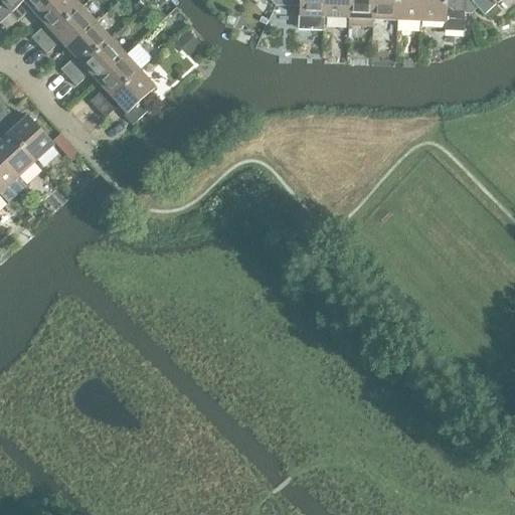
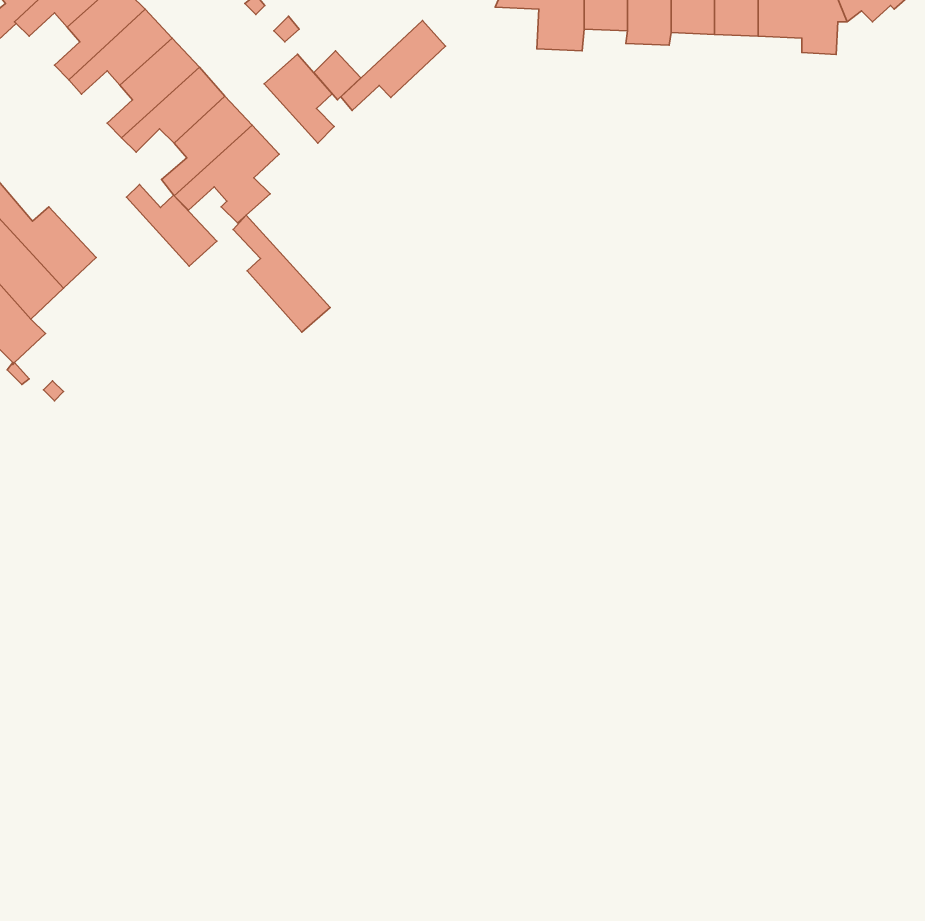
building: none -> [341,20,446,111]
building: none -> [264,54,334,143]
building: none -> [126,185,217,266]
building: none -> [233,215,330,332]

